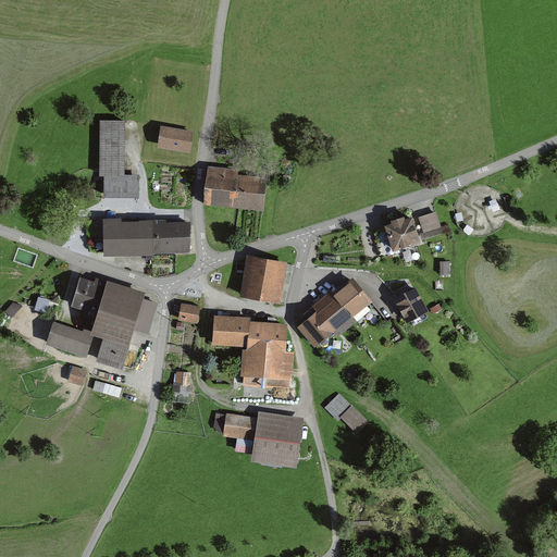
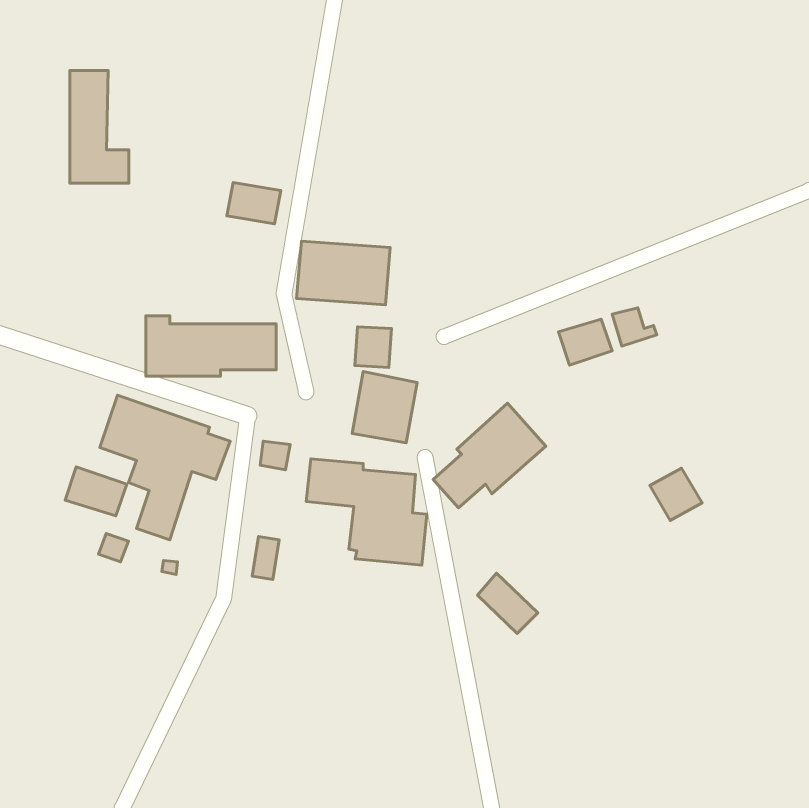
building: [99,120,139,197] -> [70,70,129,183]
building: none -> [355,327,392,367]
building: [393,288,429,324] -> [650,468,702,520]
building: [221,410,302,469] -> none

